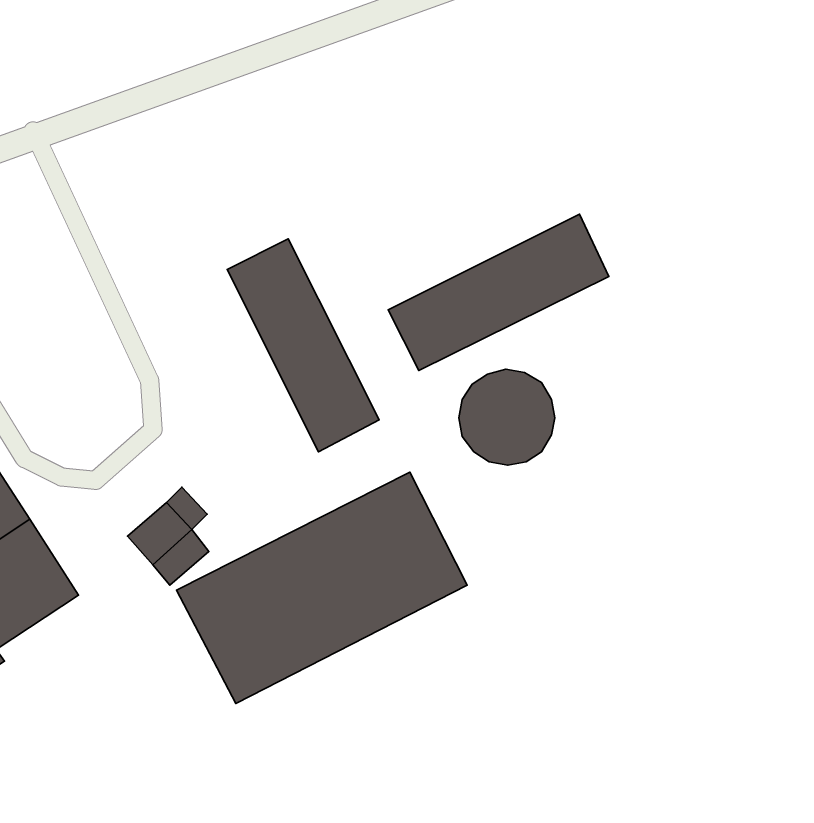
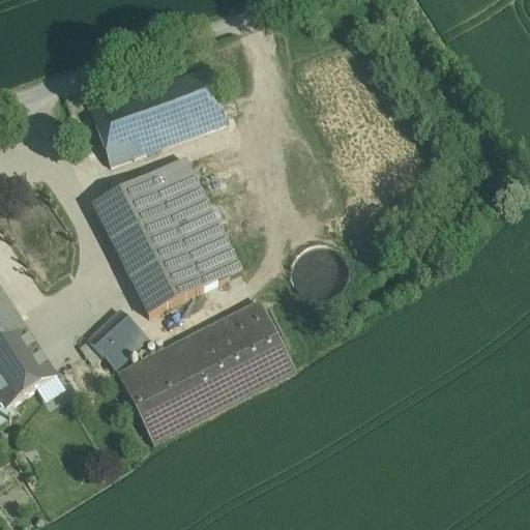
building: none -> [87,63,224,164]
building: [388,214,609,371] -> none
building: none -> [92,177,204,317]

